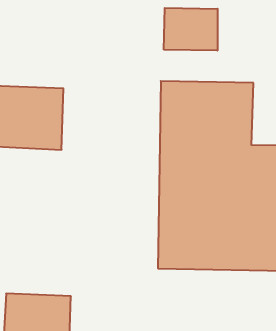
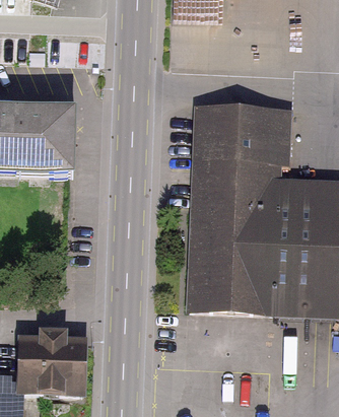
building: [164,8,218,51] -> none

